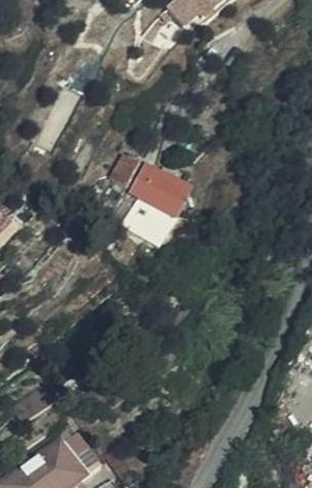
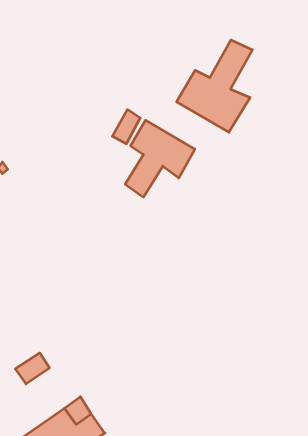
building: none -> [177,40,252,132]

